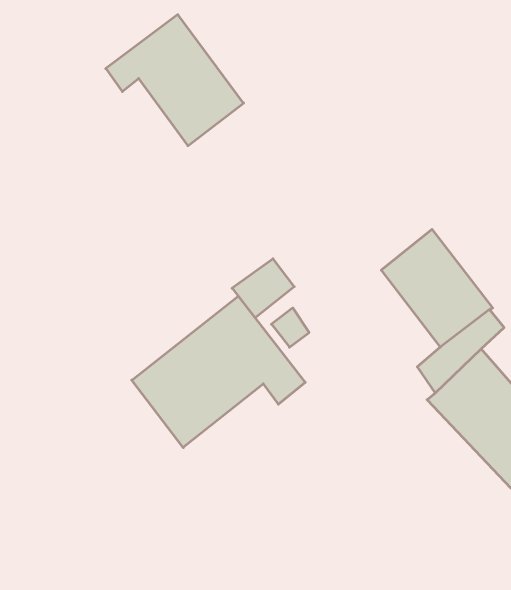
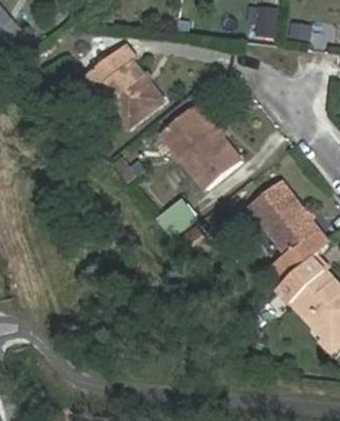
building: none -> [160,104,242,188]
building: [132,296,305,448] -> none

